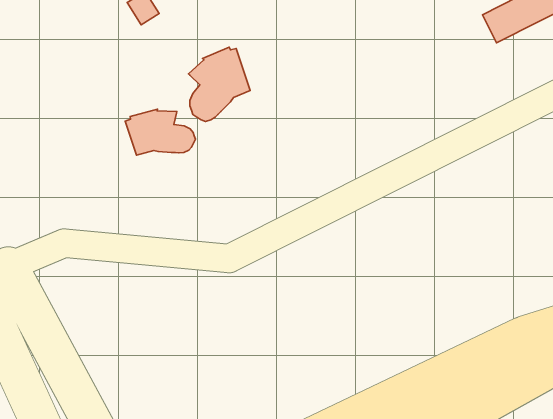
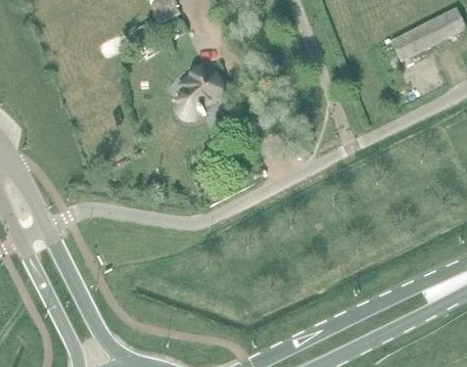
building: [125,109,195,155] -> none

